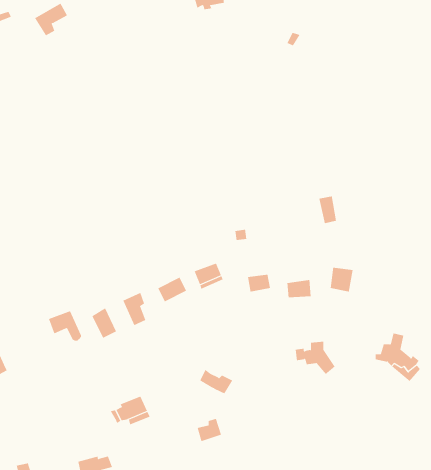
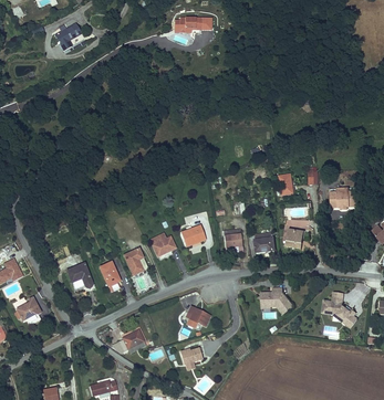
building: none -> [331,183,357,207]

